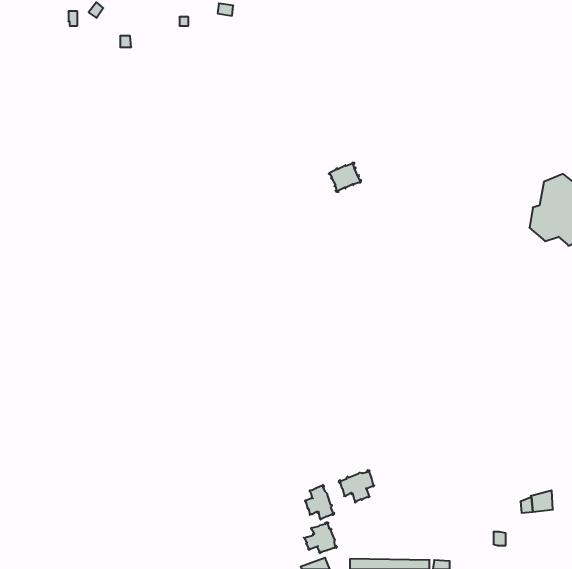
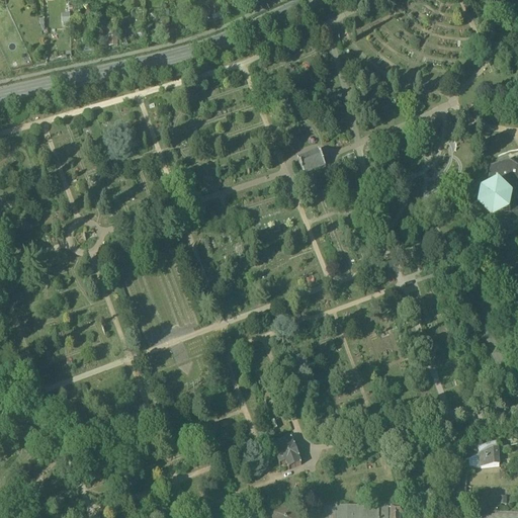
building: [339,470,374,503] -> none
building: [304,522,337,553] -> none

